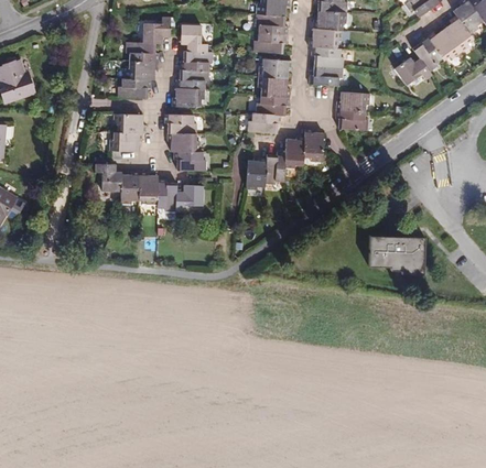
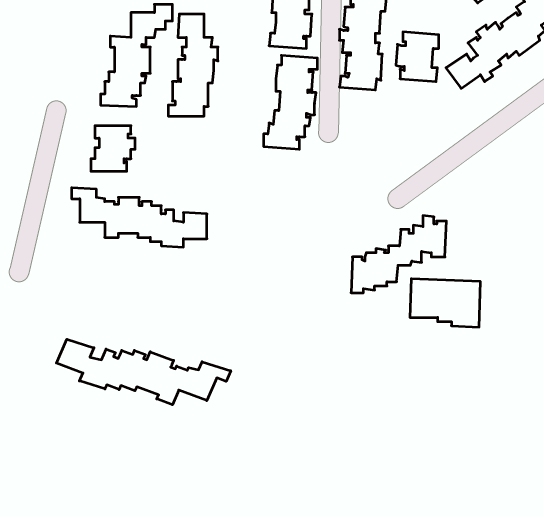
building: [336,90,370,130] -> [396,32,439,82]
building: [165,113,206,170] -> none
building: [248,127,324,188] -> [351,216,446,293]
building: none -> [56,339,231,405]

